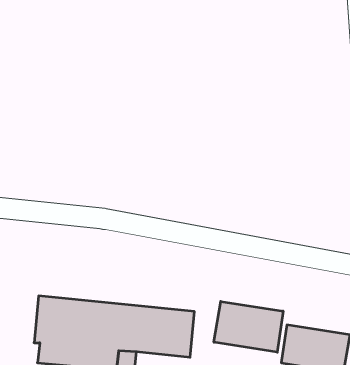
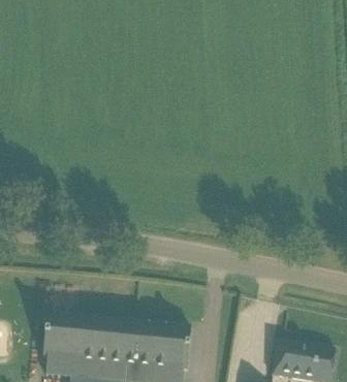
building: [214,301,283,352] -> none

